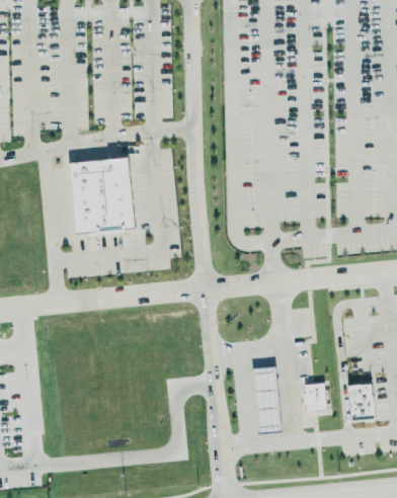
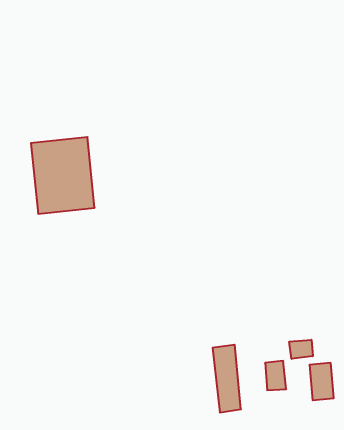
building: none -> [289,340,313,359]

